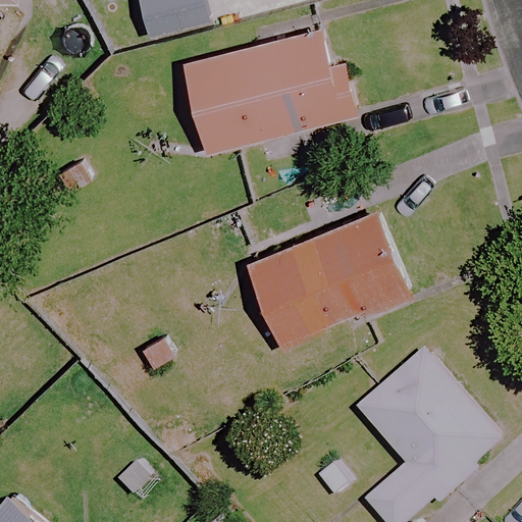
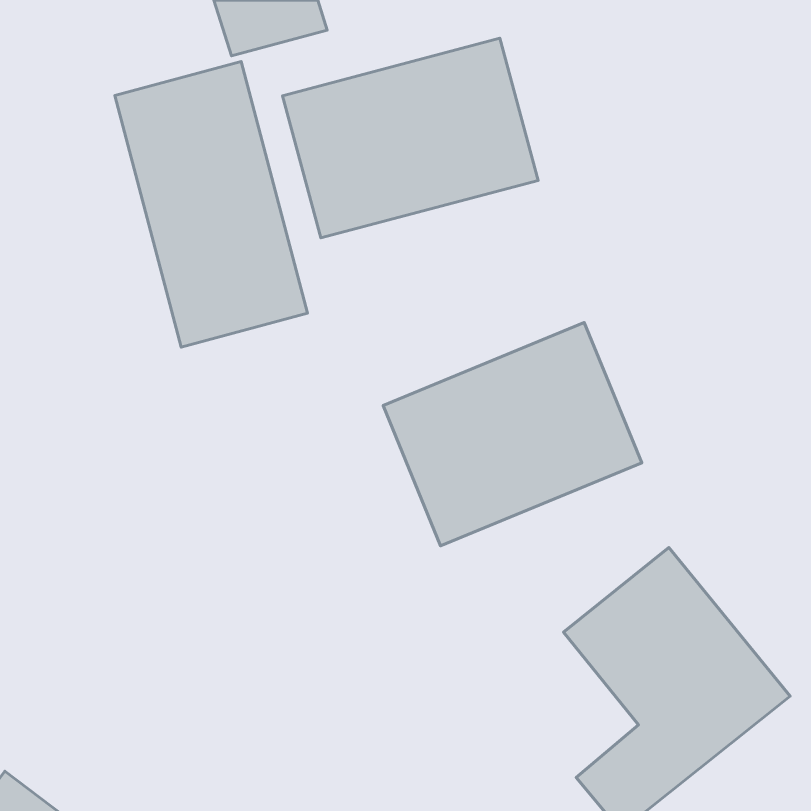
building: none -> [115,62,308,347]

